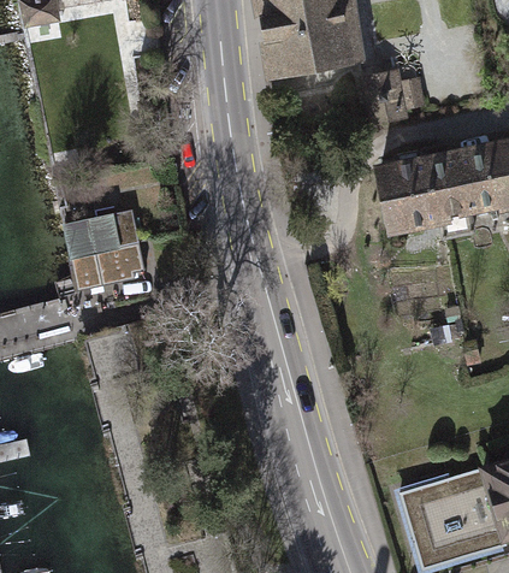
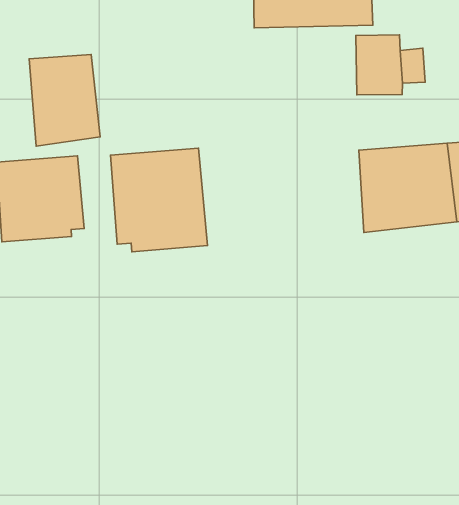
building: none -> [29,55,100,146]
building: none -> [111,148,207,252]

